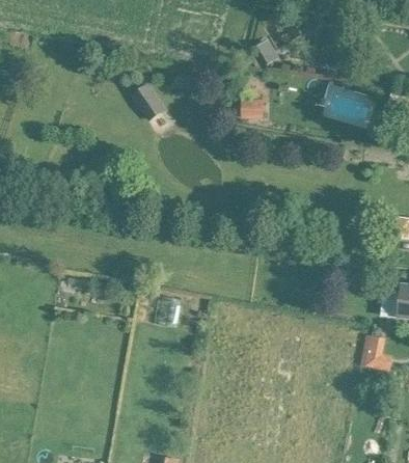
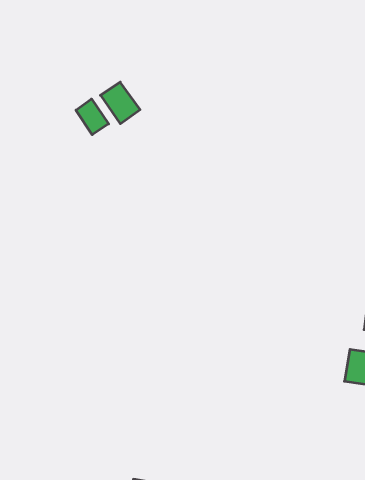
building: none -> [76,99,109,135]

